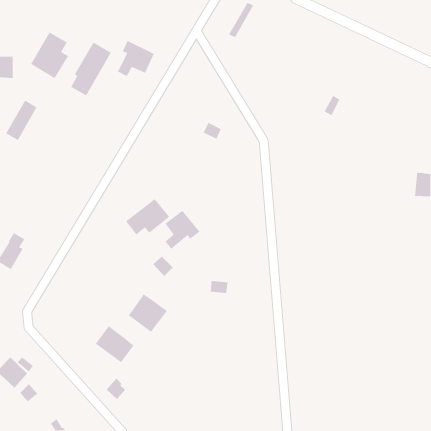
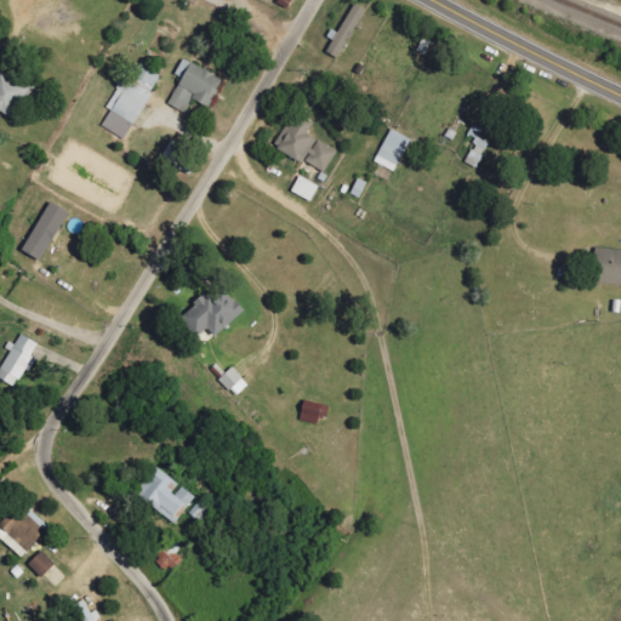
building: [30,31,69,79] -> none
building: none -> [273,113,336,171]
building: none -> [374,127,410,171]
building: [5,100,38,141] -> [22,200,68,260]
building: [165,210,200,250] -> none
building: [128,294,168,333] -> none

